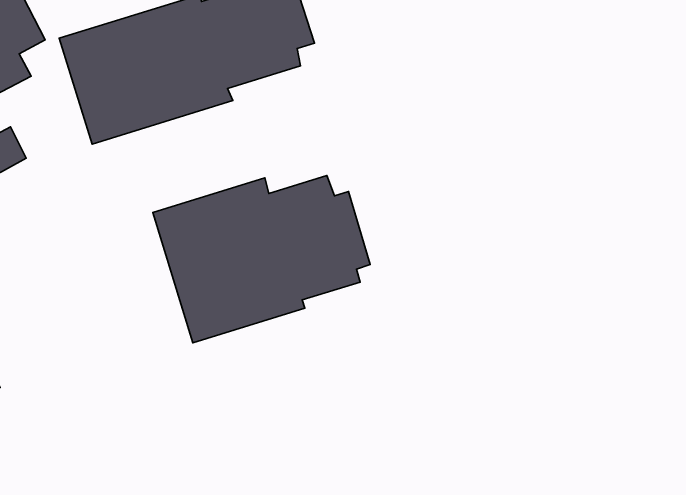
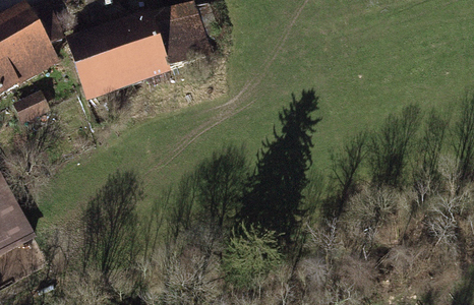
building: [153,176,370,343] -> none

